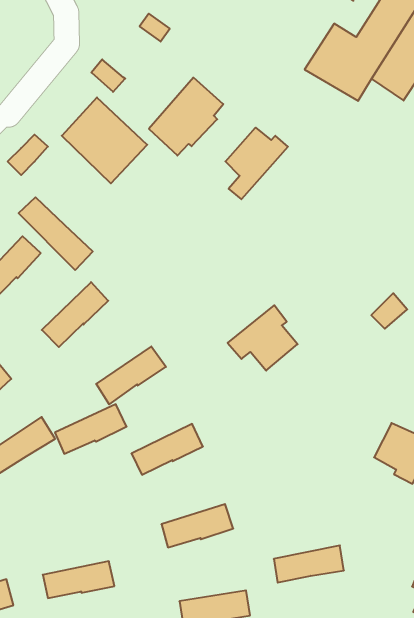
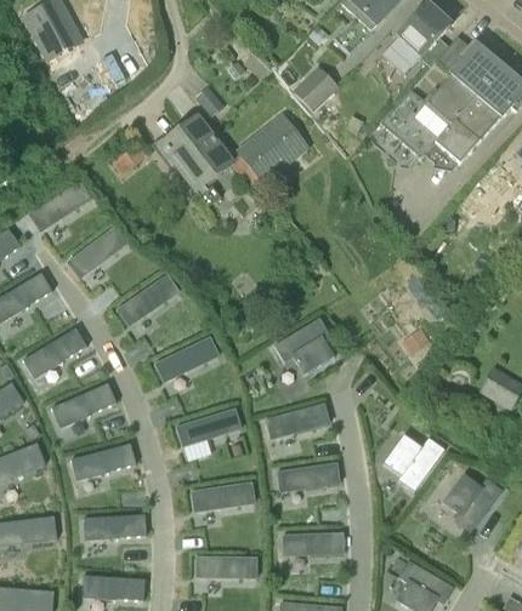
building: none -> [291,65,339,113]
building: [225,128,288,199] -> none
building: [19,197,93,270] -> none
building: none -> [266,404,328,438]
building: [55,404,127,454] -> [73,442,135,478]
building: none -> [278,462,339,491]

